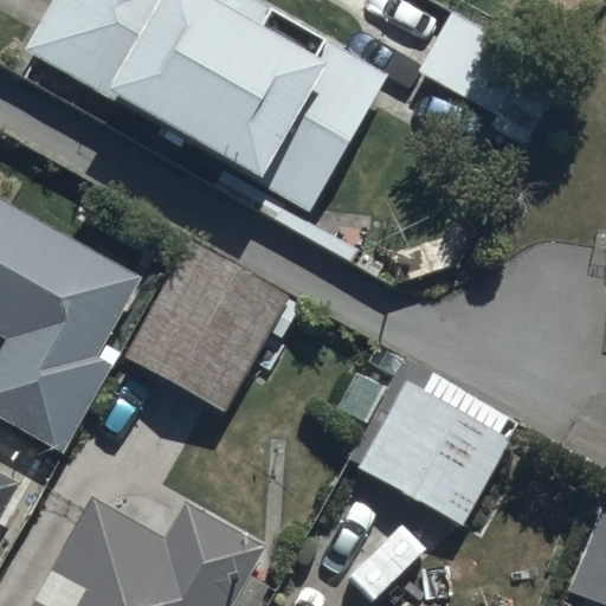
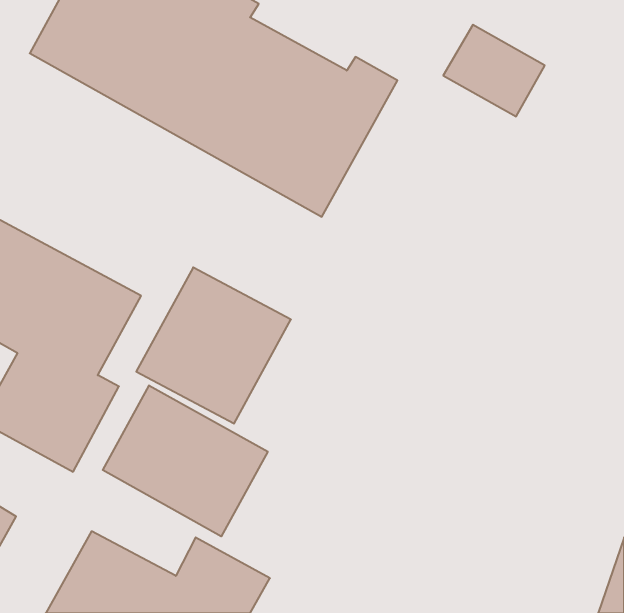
building: none -> [103,385,268,536]
building: [362,383,510,521] -> none

